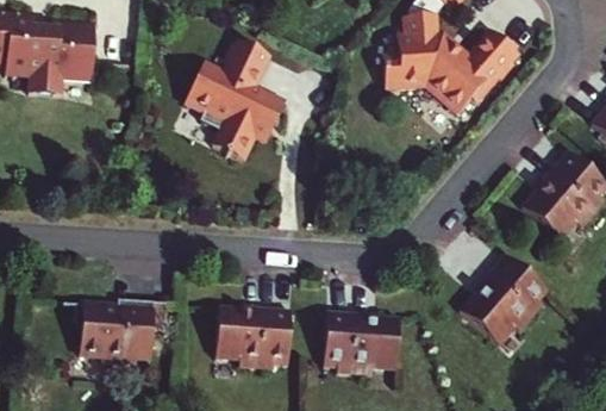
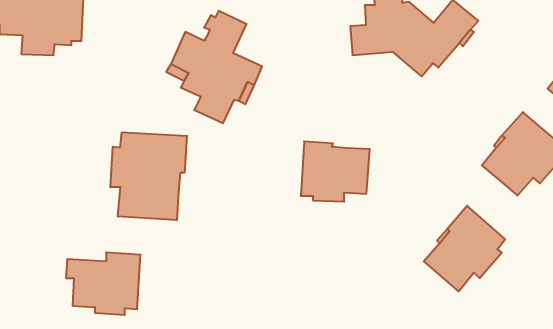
building: none -> [110,132,187,220]
building: [214,306,290,368] -> none
building: [326,307,400,372] -> [301,141,370,202]

